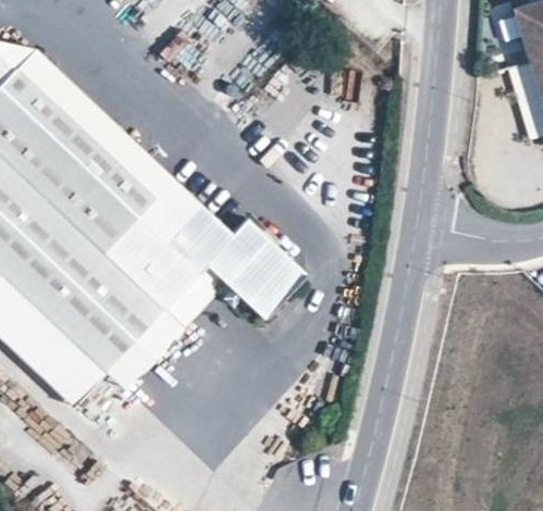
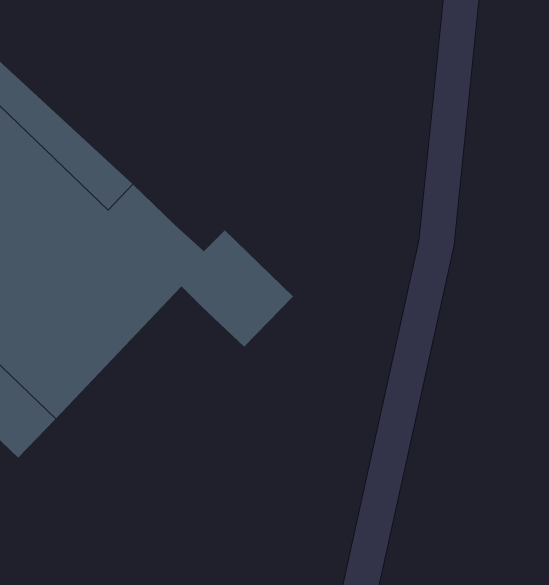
building: [99,262,220,387] -> none

